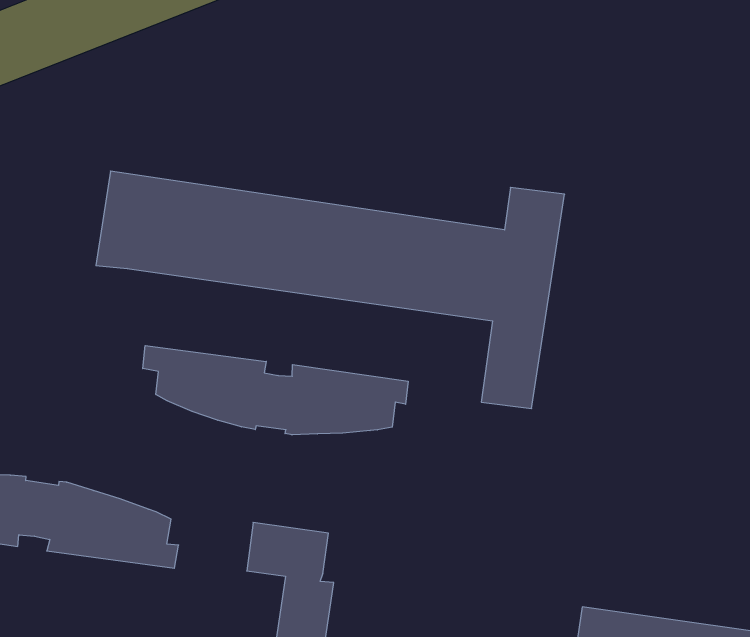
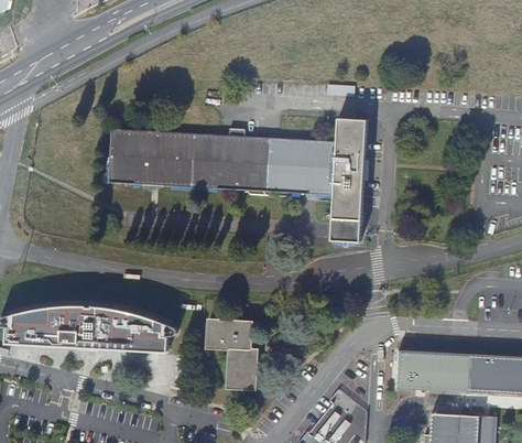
building: [143,346,408,435] -> none

